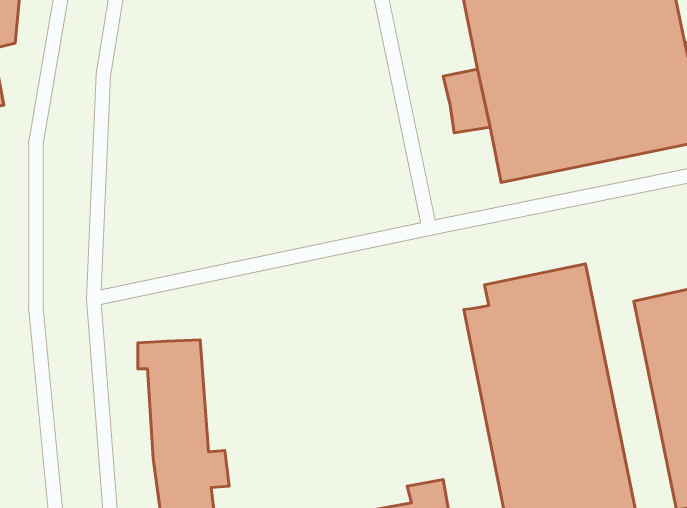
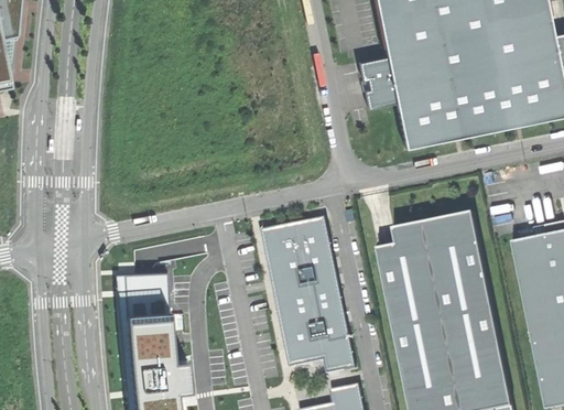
building: none -> [263,217,356,374]

